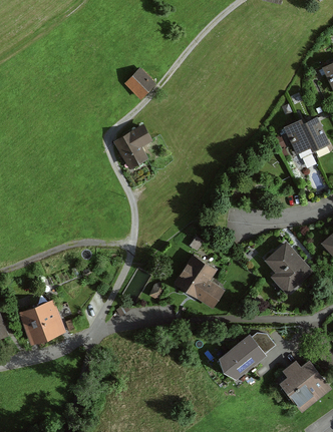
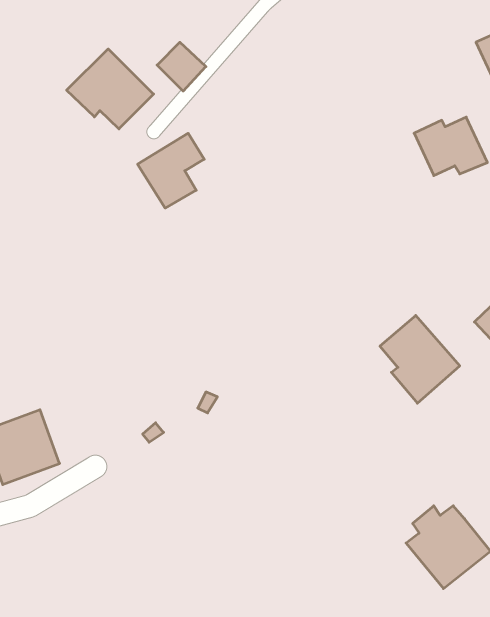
building: none -> [67,49,154,129]
building: [176,255,224,308] -> none
building: [221,335,276,381] -> none

